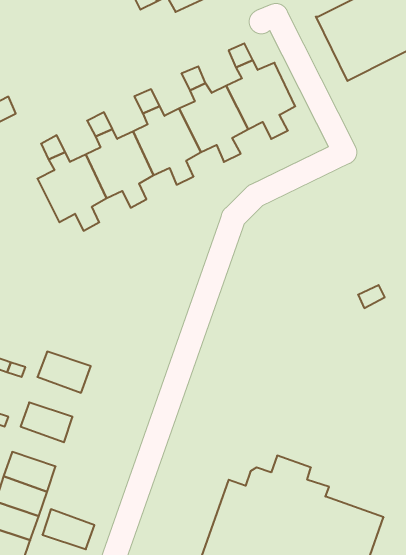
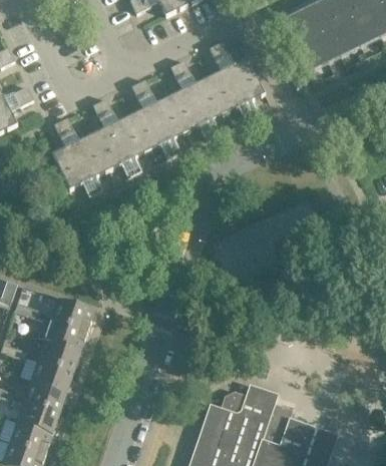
building: none -> [44,318,87,351]
building: [42,509,94,549] -> [30,359,73,392]

